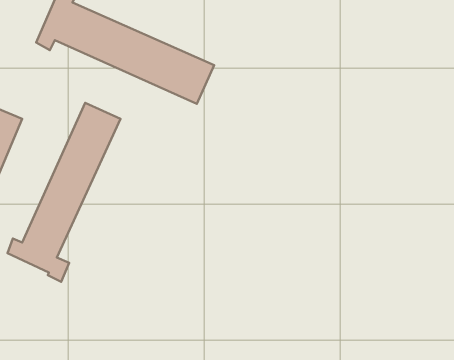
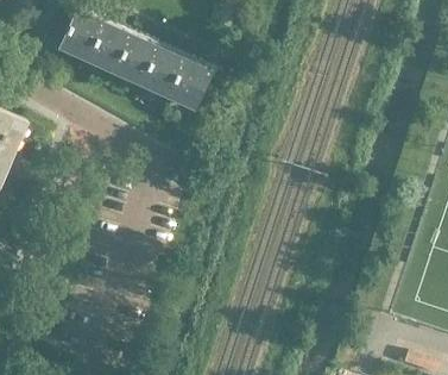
building: [7,103,121,282] -> none

